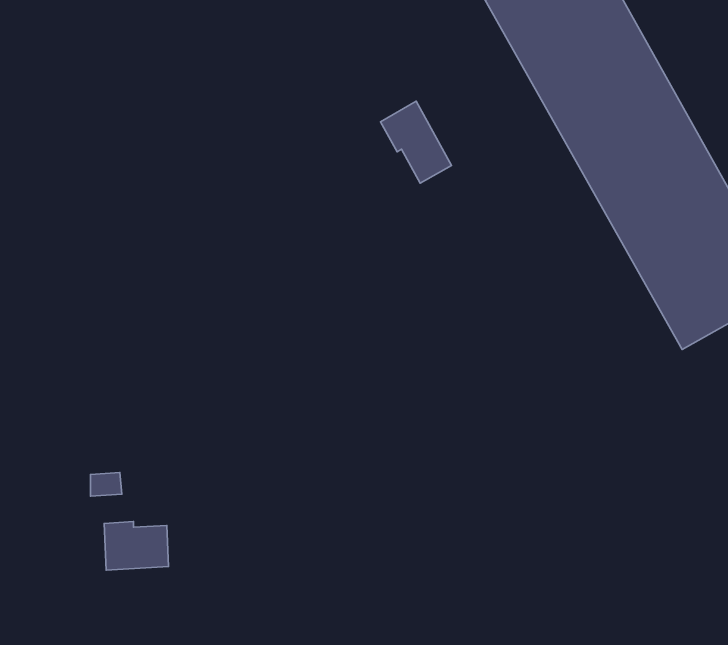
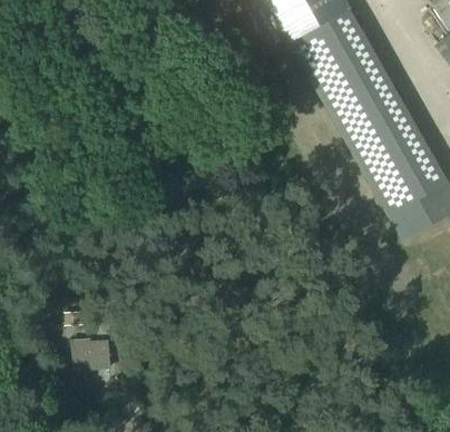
building: [381,101,451,183] -> none

